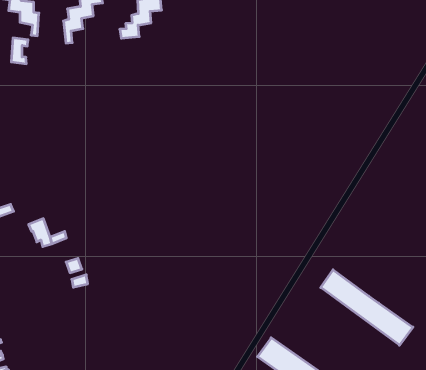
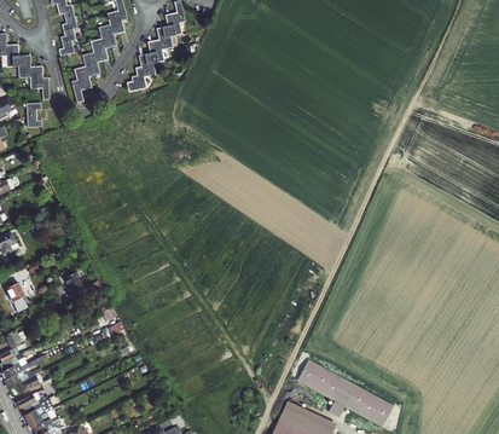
building: [321,270,413,345] -> none

